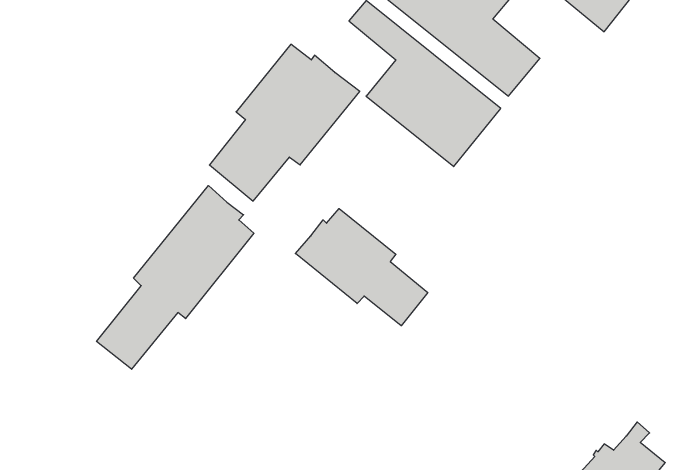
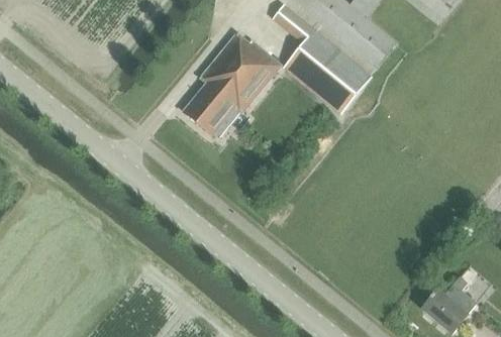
building: [97,186,254,369] -> none
building: [295,209,428,326] -> none

